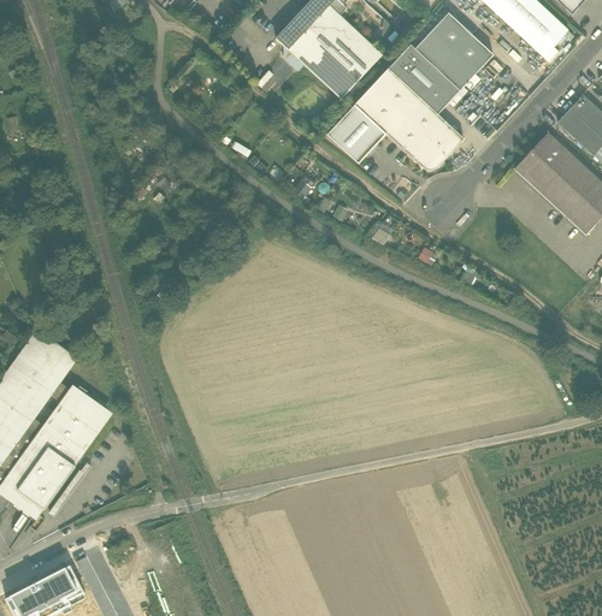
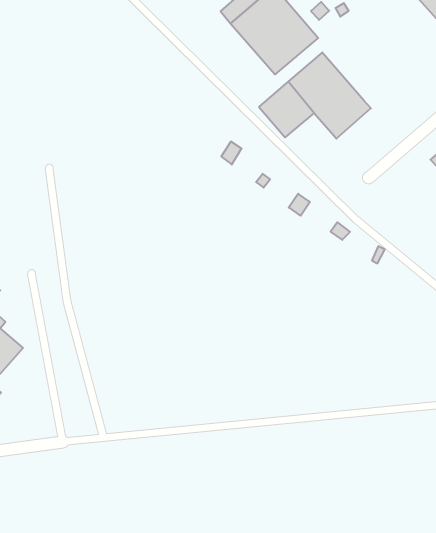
building: [388,13,492,114] -> none
building: [413,122,464,170] -> none

